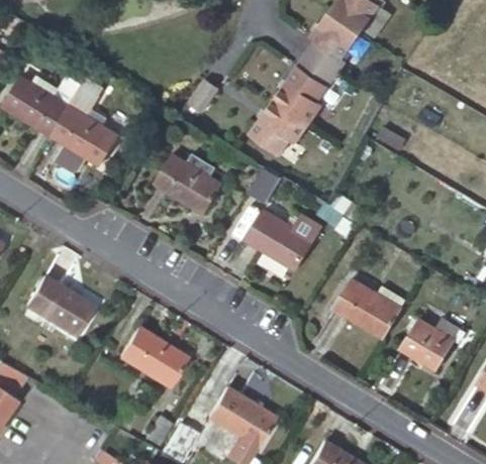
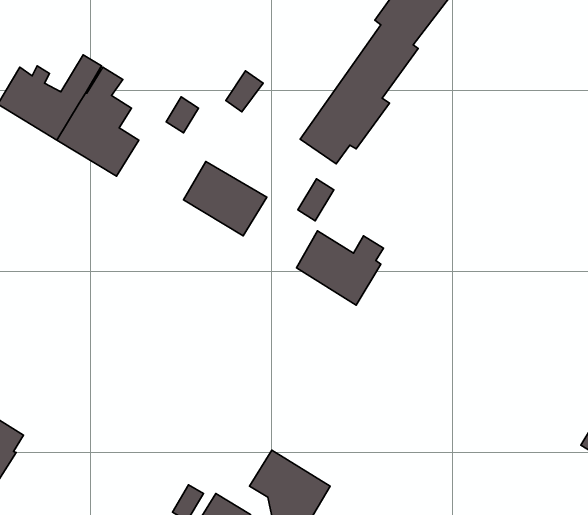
building: [26,277,93,337] -> none
building: [334,279,401,338] -> none
building: [401,319,467,370] -> none
building: [120,328,186,387] -> none

